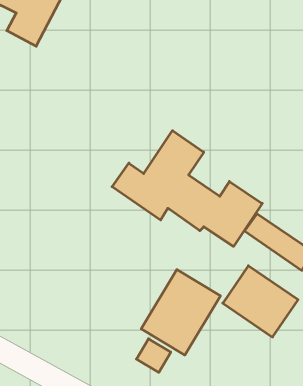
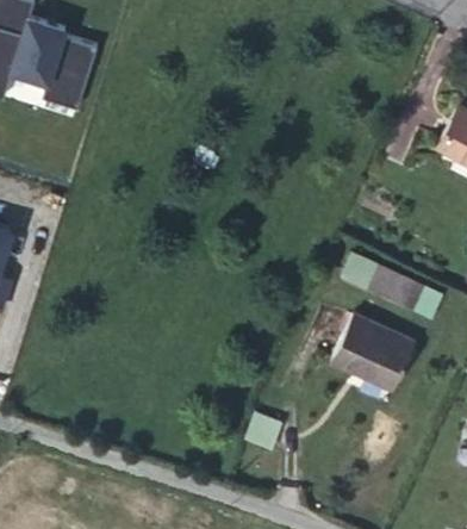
building: [112,131,262,246] -> none
building: [141,270,220,355] -> none

